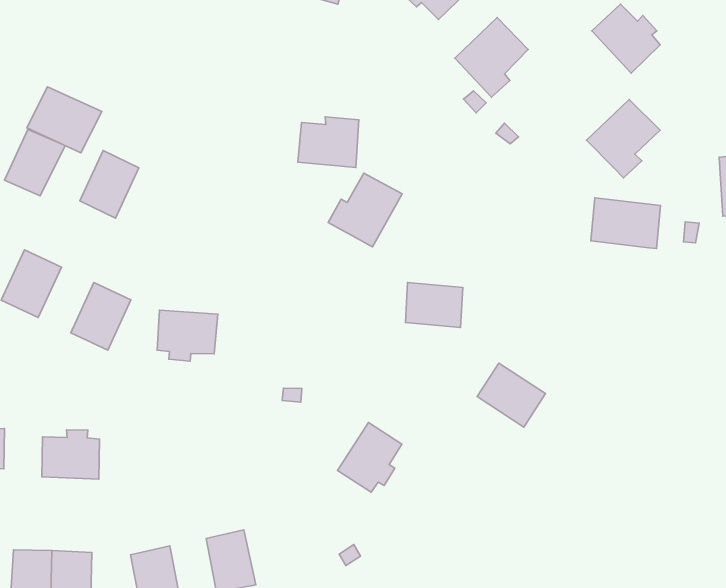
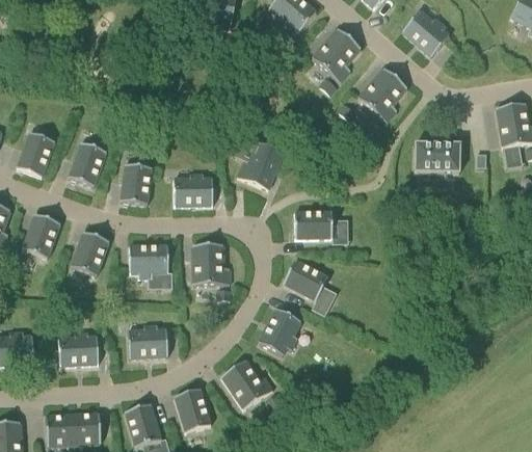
building: [27,87,102,153] -> none
building: [587,99,660,178] -> [358,68,407,121]
building: [298,117,359,168] -> [174,172,213,205]
building: none -> [121,163,152,204]
building: none -> [192,243,230,284]
building: [477,363,546,427] -> [283,259,328,300]
building: none -> [128,324,168,357]
building: none -> [221,358,271,405]

